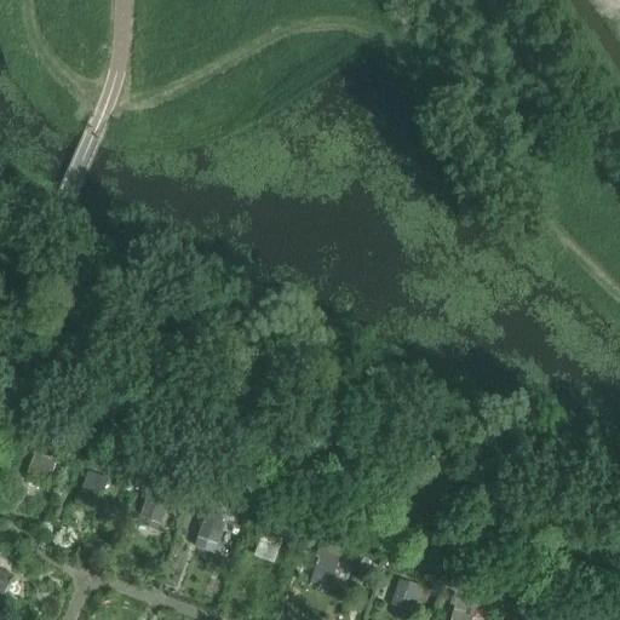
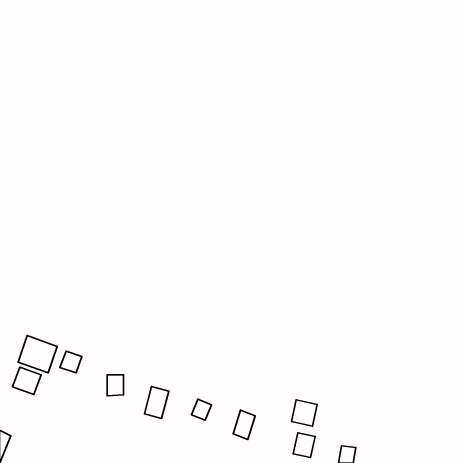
building: none -> [12,367,41,395]
building: none -> [291,400,317,426]

